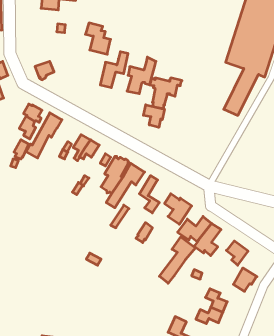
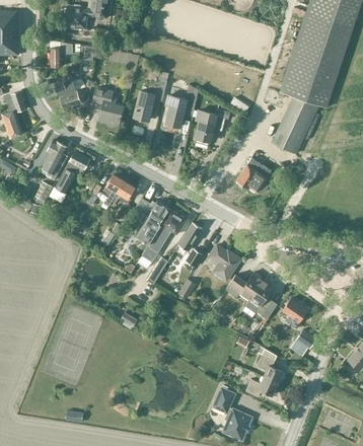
building: none -> [49,42,72,66]
building: [85,23,111,54] -> [91,89,121,126]
building: none -> [54,75,84,96]
building: [143,105,164,127] -> none
building: none -> [236,161,271,195]
building: [159,237,195,283] -> none

